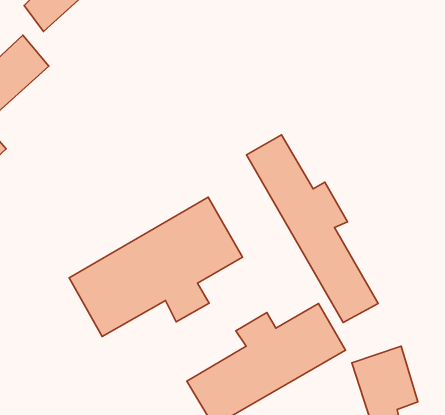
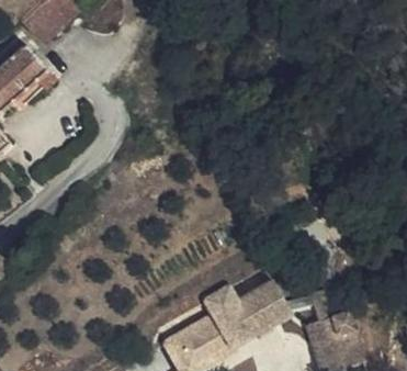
building: [246,135,378,322] -> none
building: [69,197,242,337] -> none

